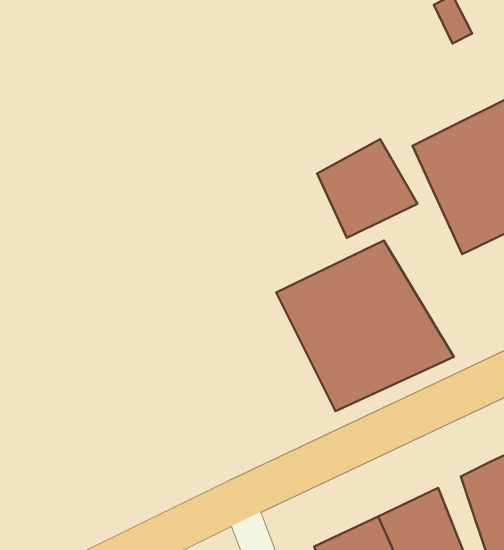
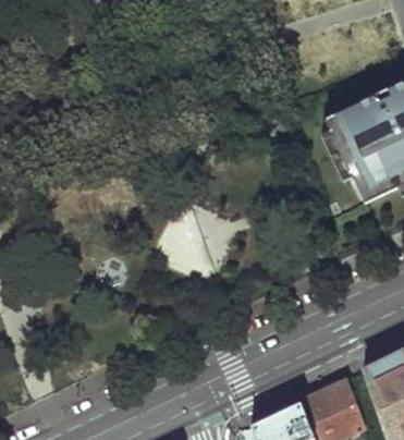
building: [317,139,417,238] -> none
building: [276,241,454,411] -> none

